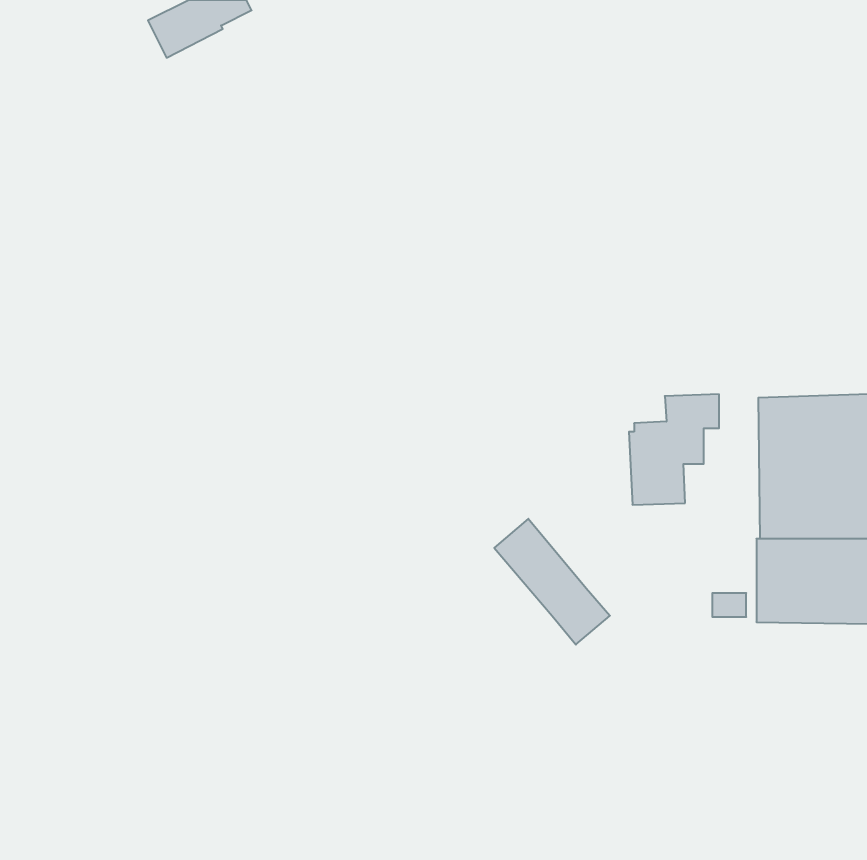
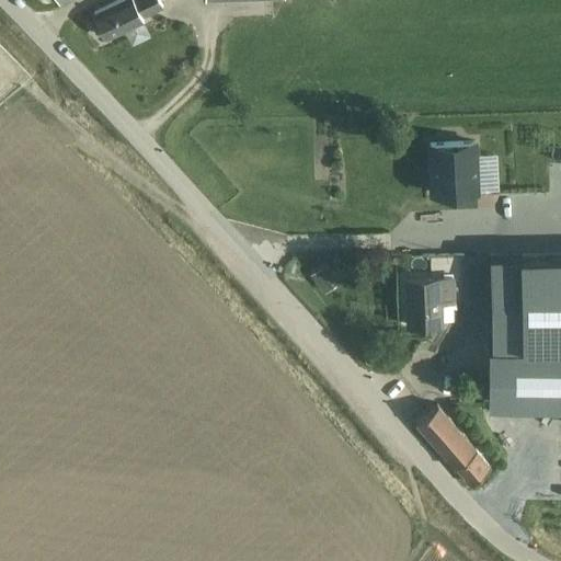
building: none -> [431,147,478,198]
building: [494,519,610,645] -> [417,409,492,490]

